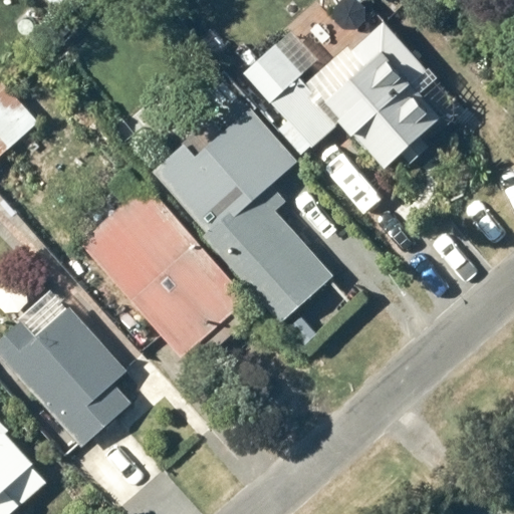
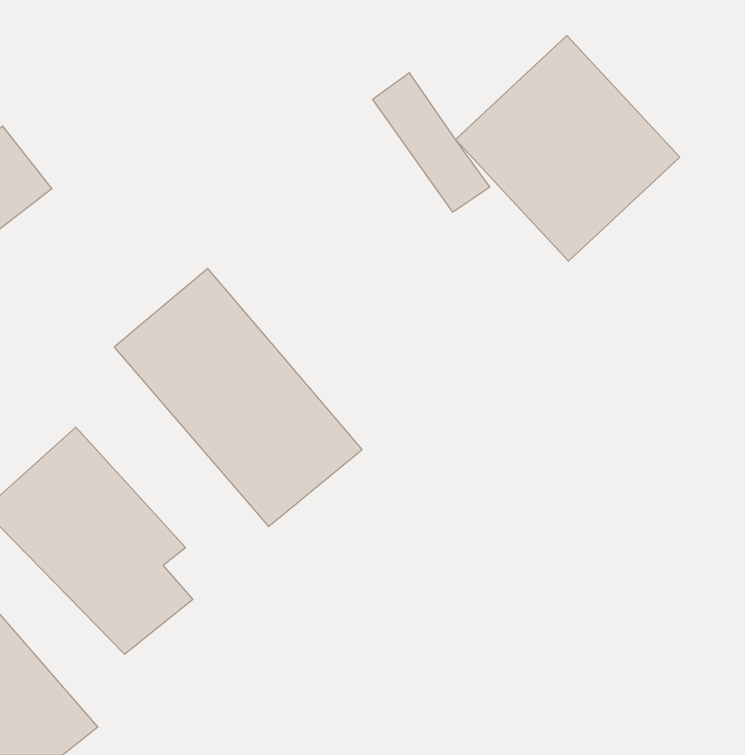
building: [149,92,330,318] -> none

